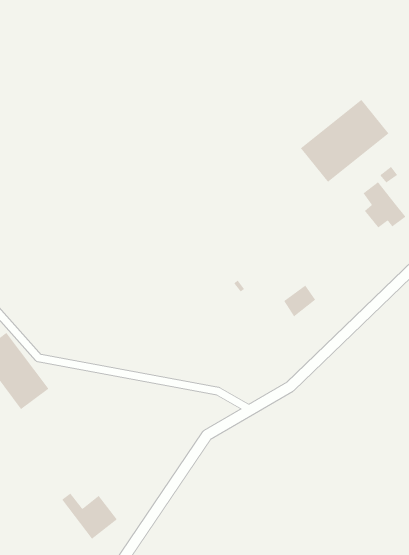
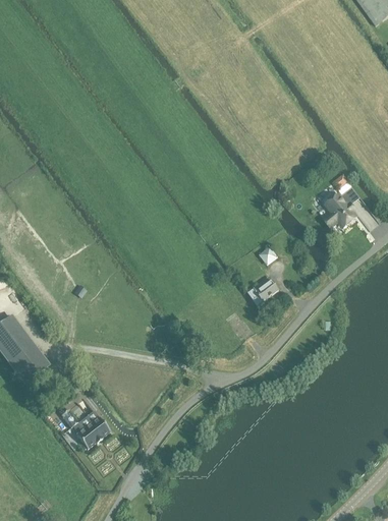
building: [300,99,389,183] -> none
building: [61,492,118,540] -> [60,408,109,449]

